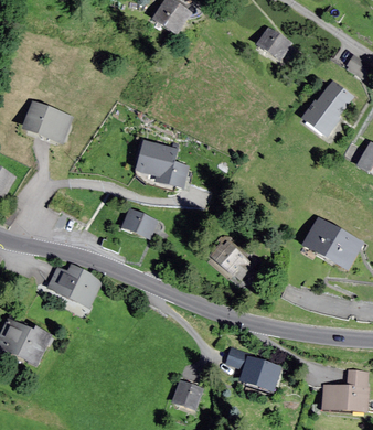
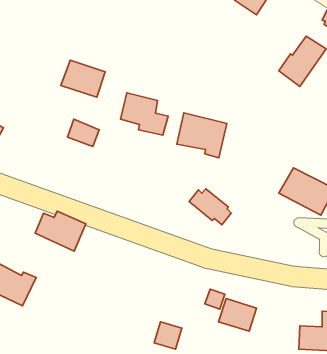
building: [23,103,70,141] -> [61,60,105,97]
building: none -> [177,113,227,158]
building: [122,208,156,237] -> [68,119,99,147]

